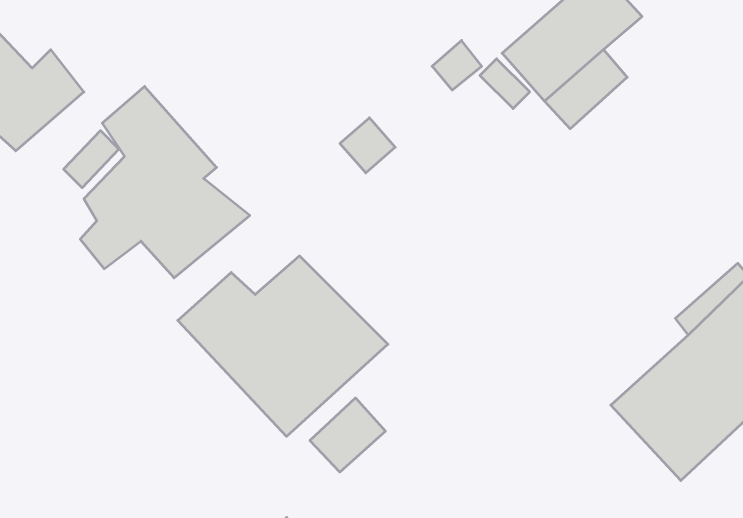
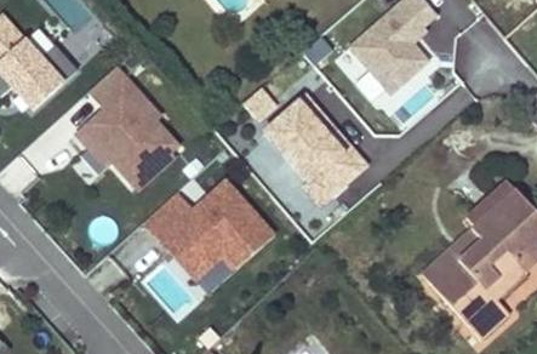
building: none -> [265,93,371,204]
building: [310,398,385,472] -> none

